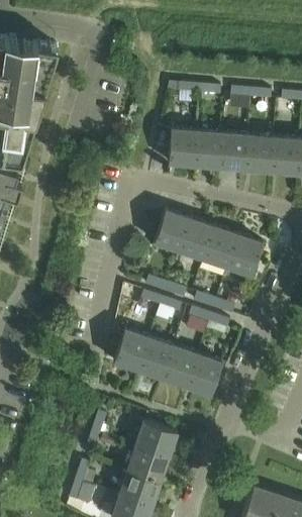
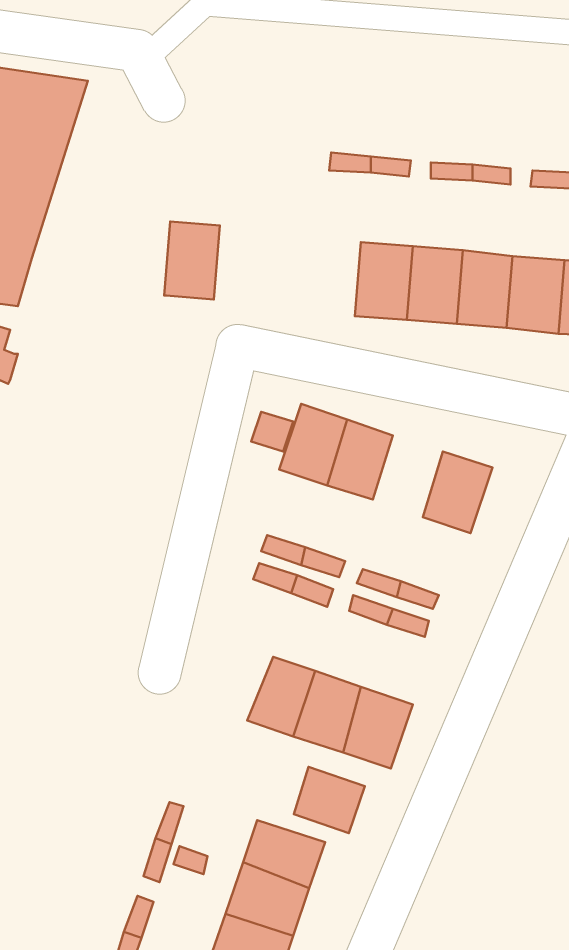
building: [167,126,195,166] -> [164,222,220,299]
building: [201,226,236,268] -> none
building: [113,329,150,371] -> none
building: none -> [294,767,365,833]

